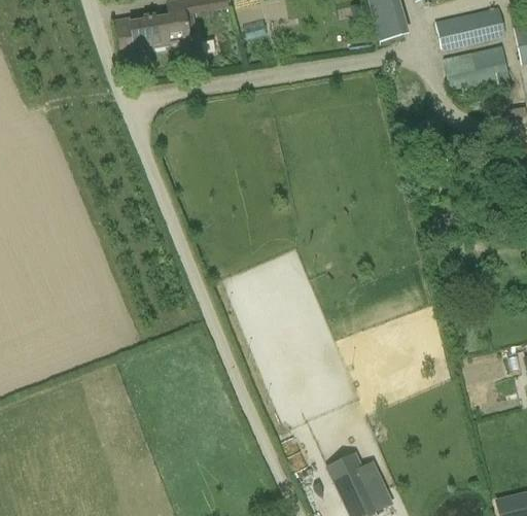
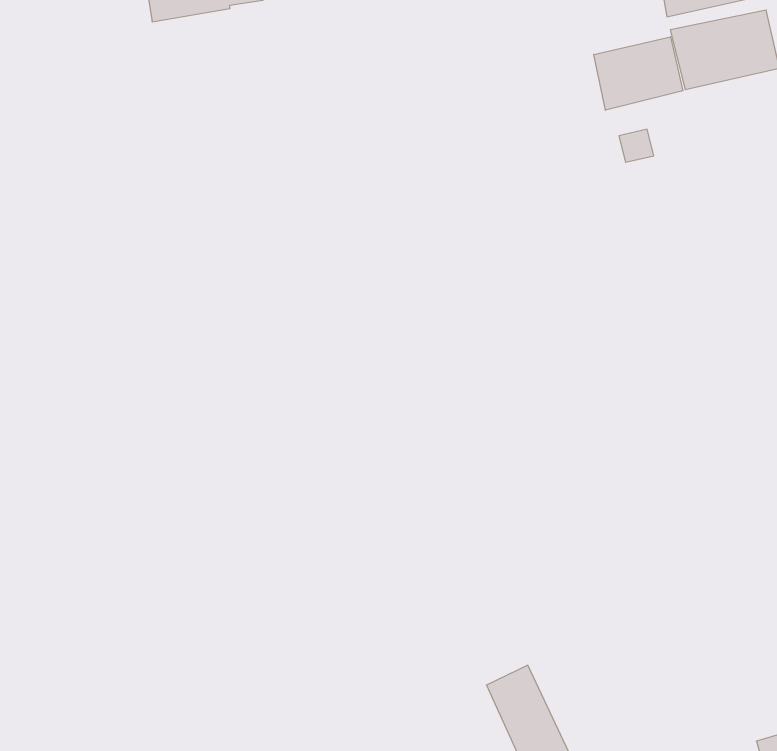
building: none -> [594,37,683,110]

